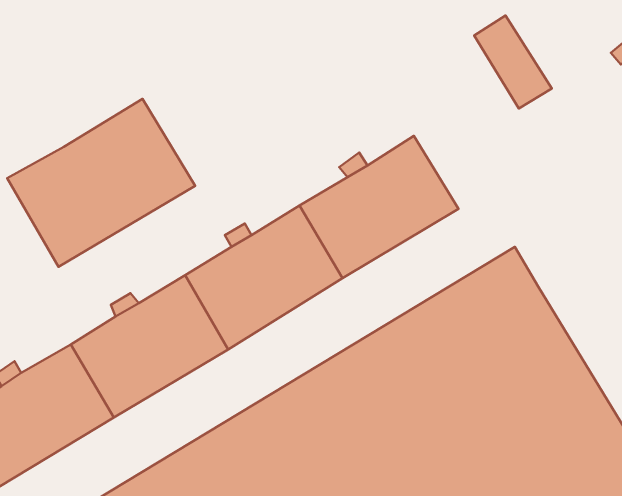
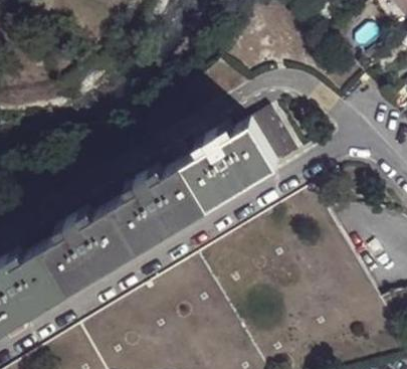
building: [474,16,552,108] -> [253,105,300,161]
building: [7,99,195,267] -> none

